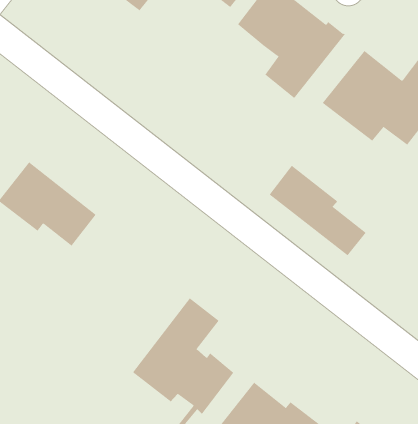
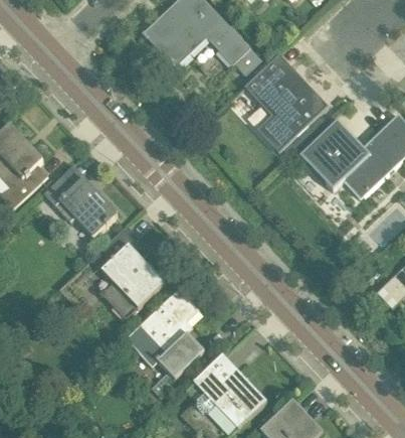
building: [269,165,366,256] -> none
building: none -> [92,225,164,319]

